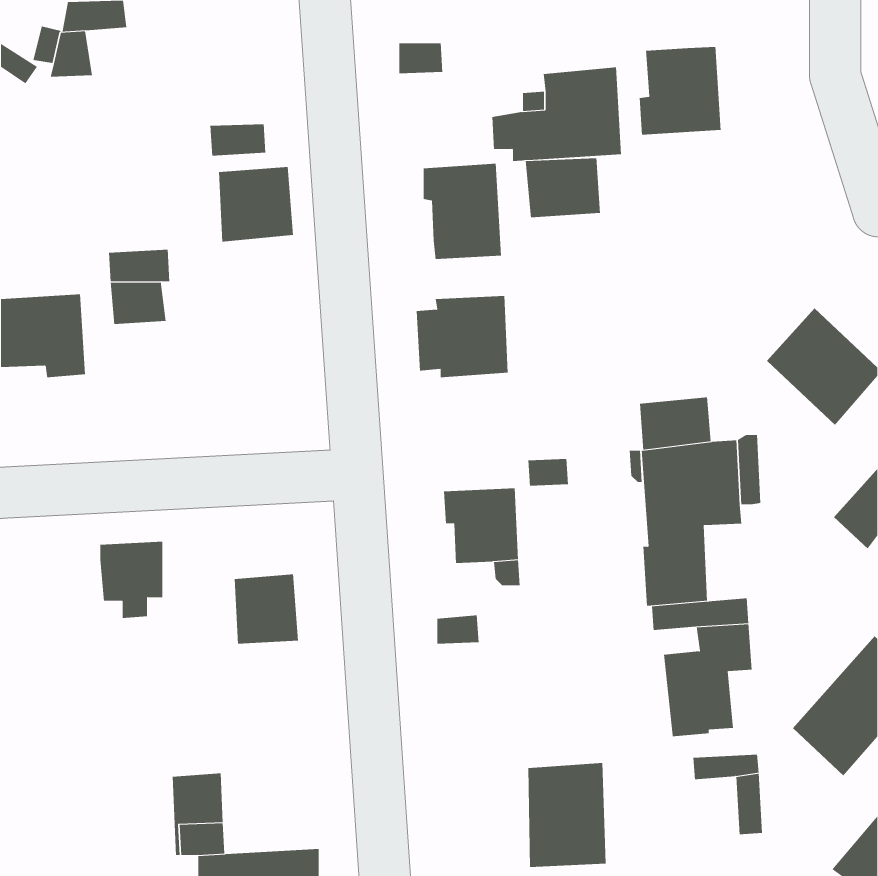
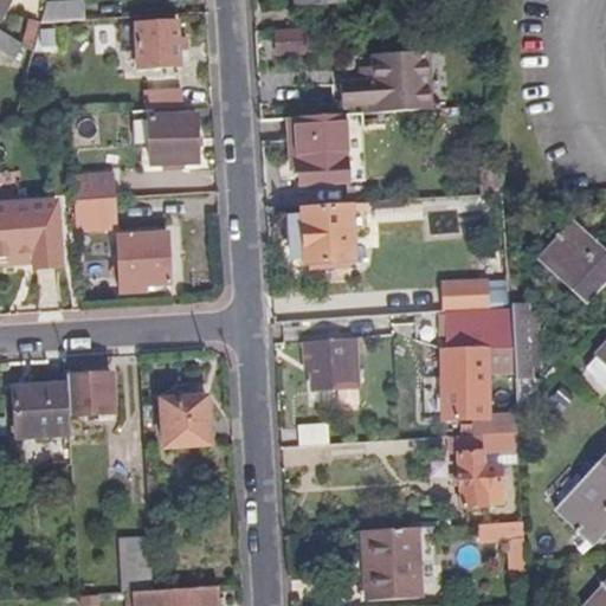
building: none -> [136,26,180,72]
building: [639,46,721,135] -> none
building: [525,157,600,218] -> none
building: none -> [120,232,173,283]
building: none -> [15,387,72,440]

